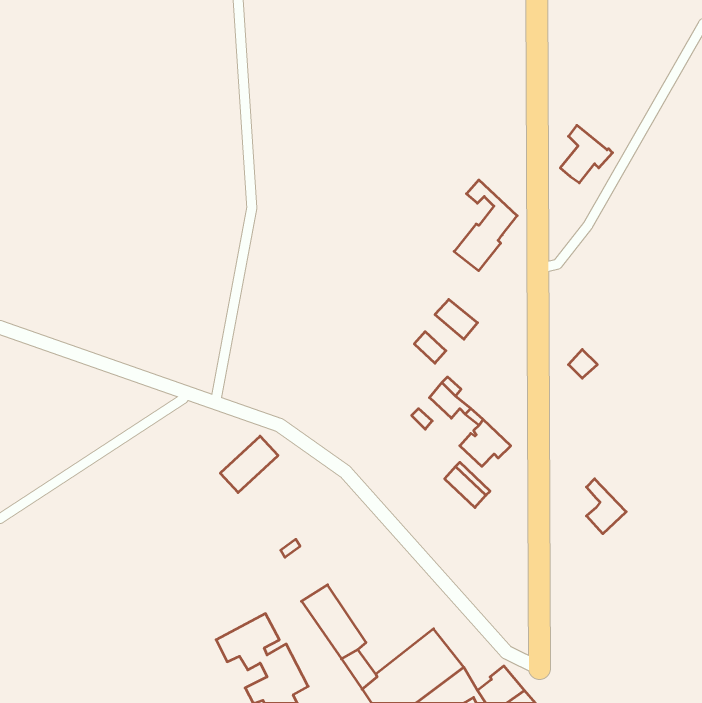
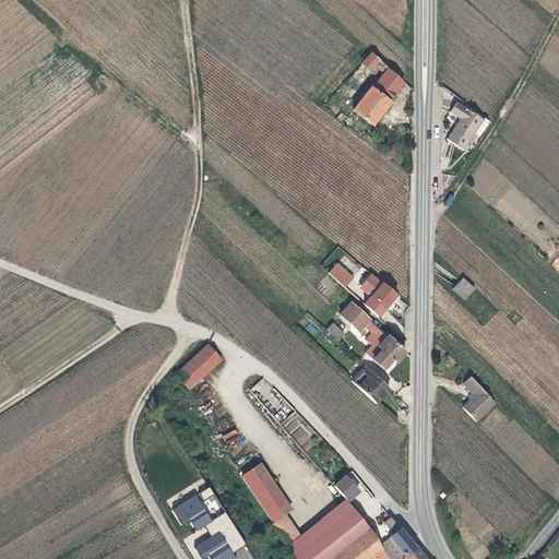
building: [454,180,517,271] -> [354,53,404,126]
building: [435,299,478,339] -> [364,274,397,306]
building: none -> [335,472,366,502]

